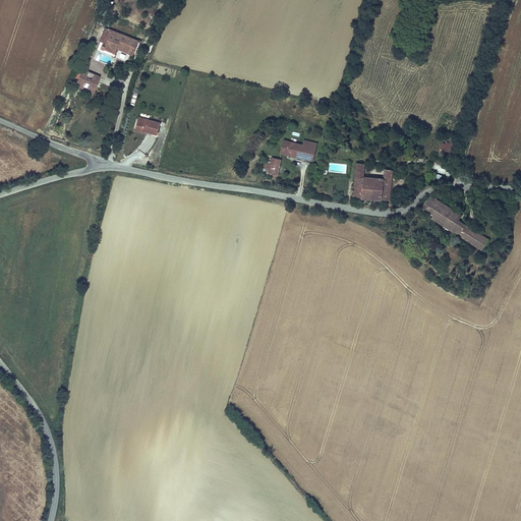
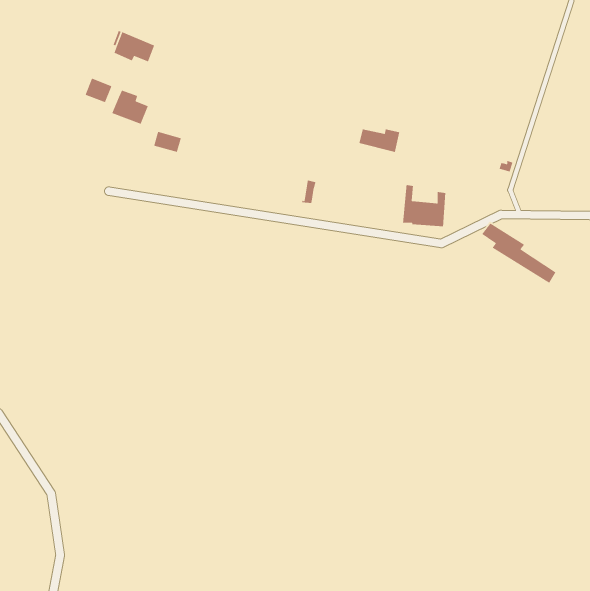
building: none -> [111,89,149,125]
building: [280,140,316,162] -> [359,128,400,153]

